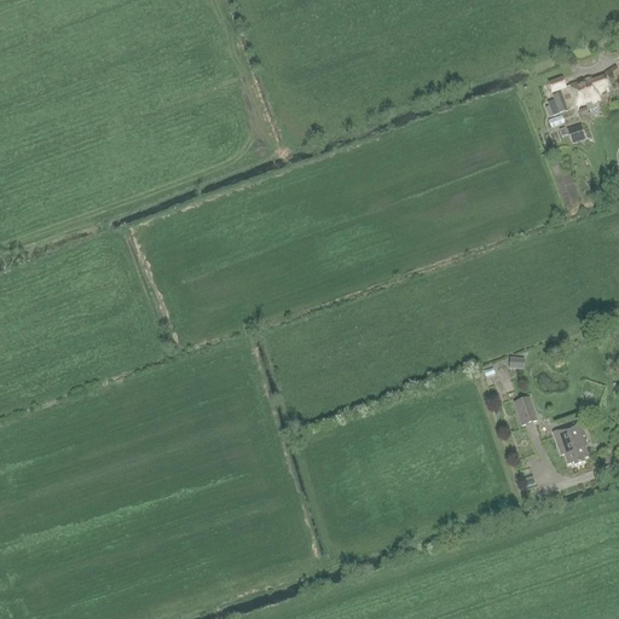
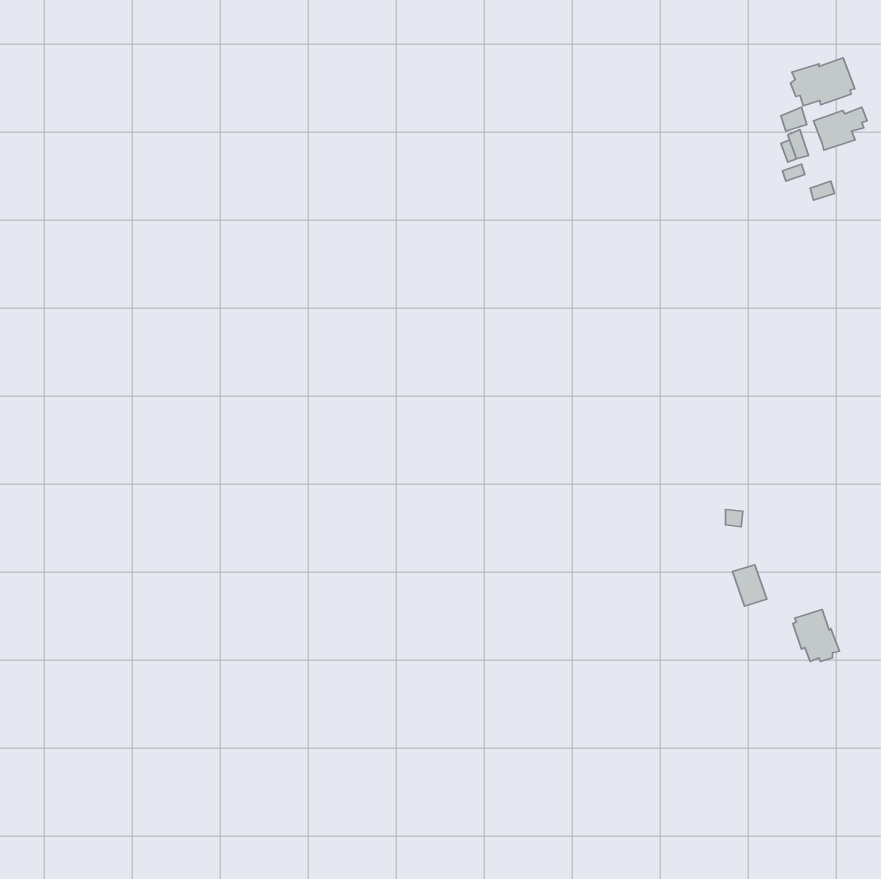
building: none -> [790,58,855,106]

